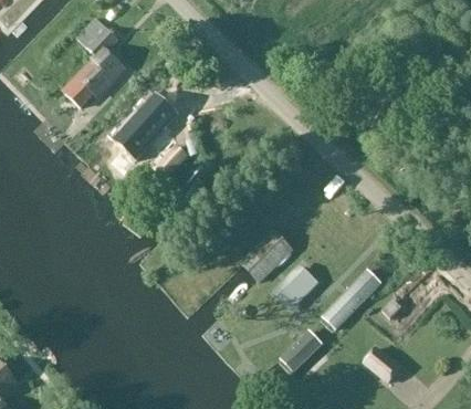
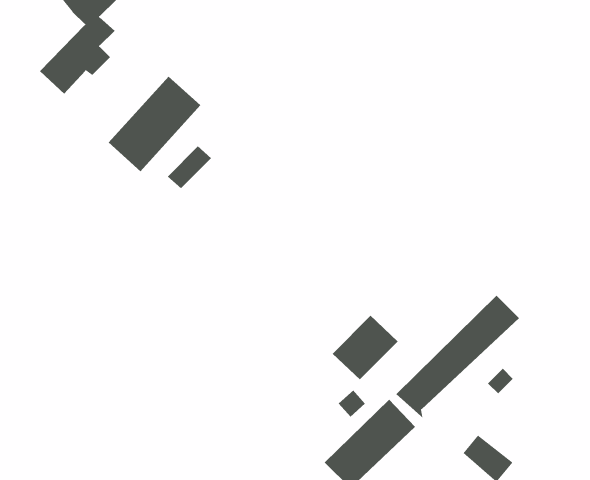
building: [238,227,294,283] -> none

